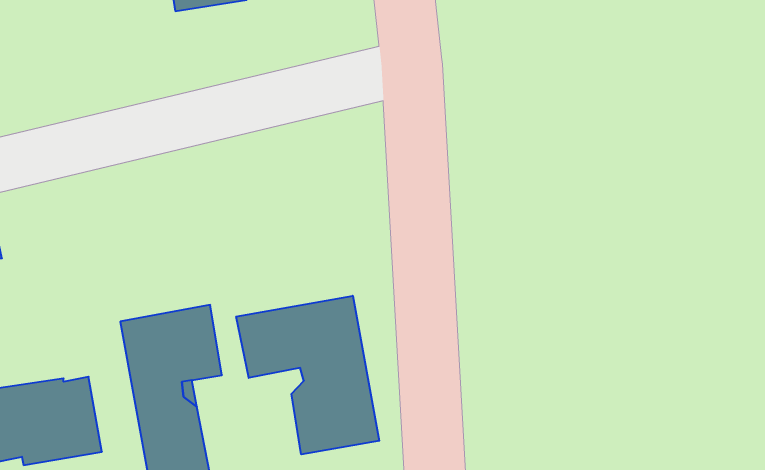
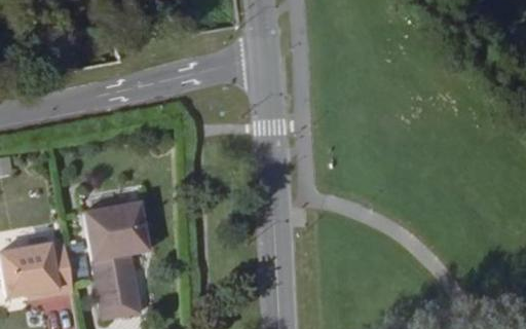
building: [236,296,379,454] -> none

